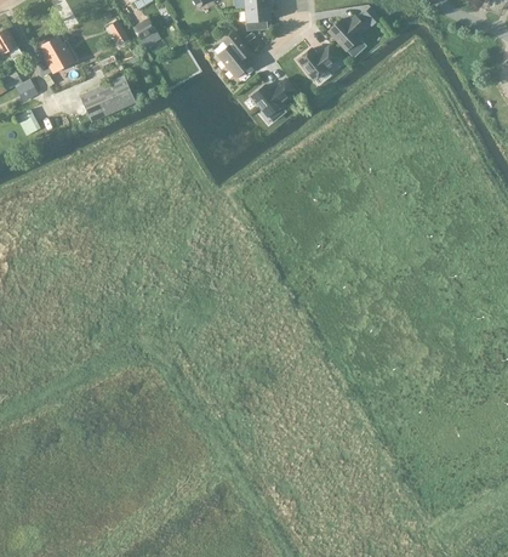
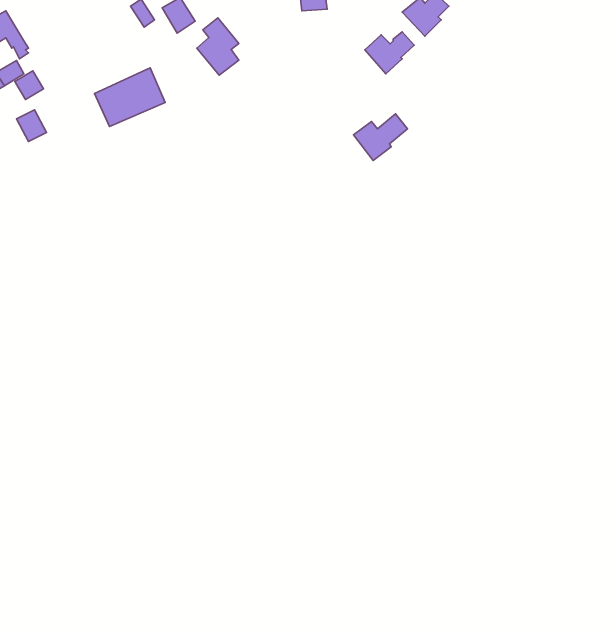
building: [219,30,253,76] -> [197,18,239,75]
building: [42,35,75,73] -> none
building: [253,78,297,115] -> [354,114,408,160]

